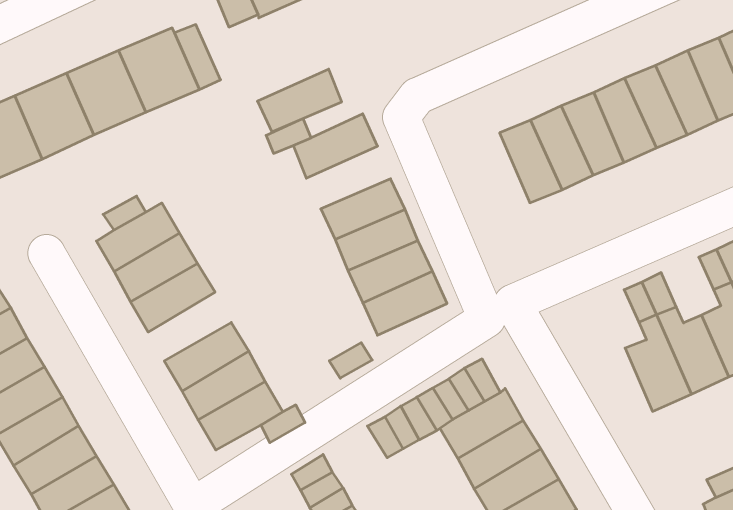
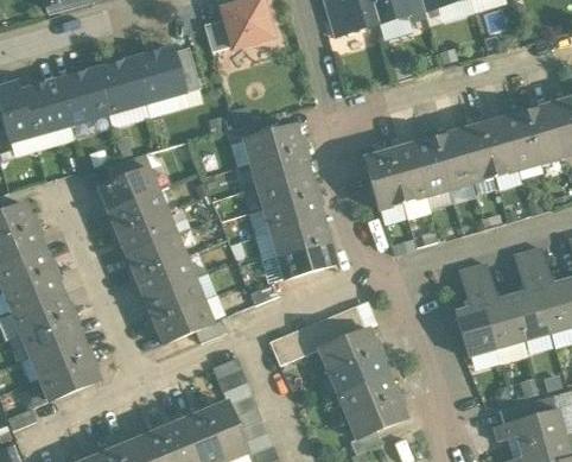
building: [257,69,342,132] -> [250,148,309,186]
building: none -> [364,151,402,209]
building: none -> [127,234,185,277]

